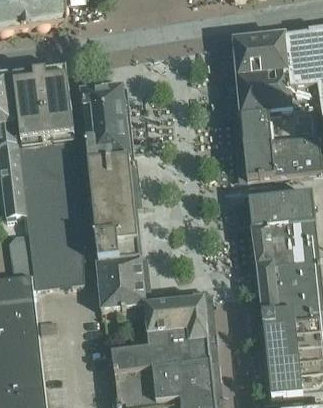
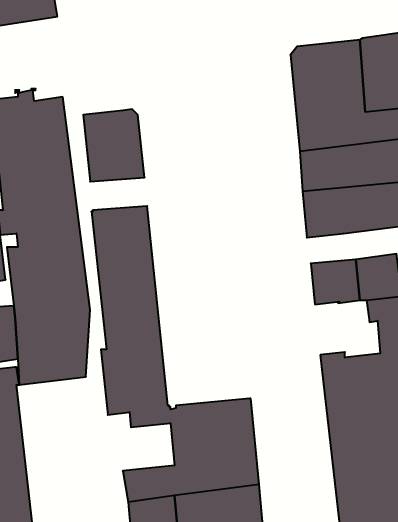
building: [86,134,128,158] -> none
building: [251,224,299,266] -> none

